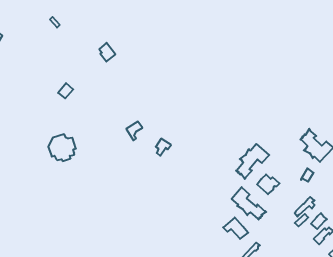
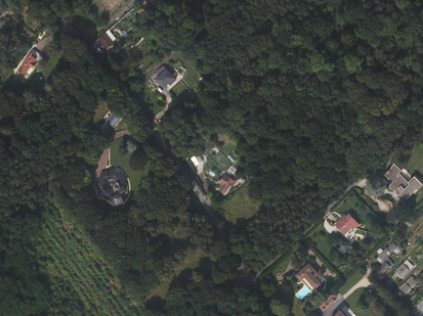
building: [236,144,269,179] -> none
building: [232,187,266,220] -> none

